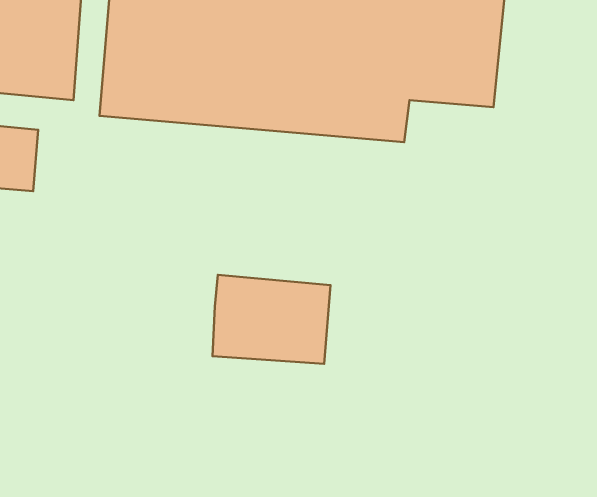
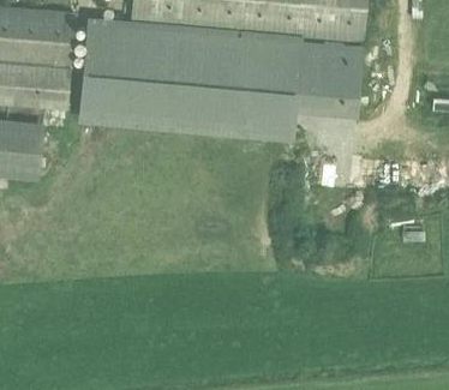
building: [213,275,331,364] -> none

